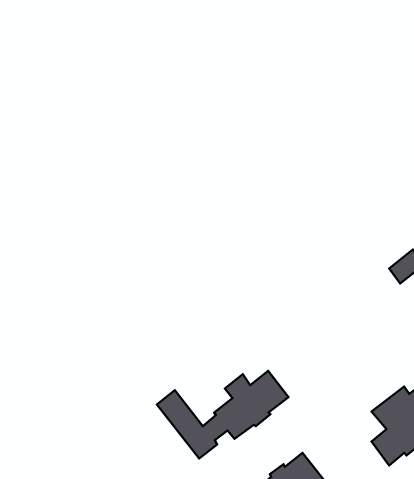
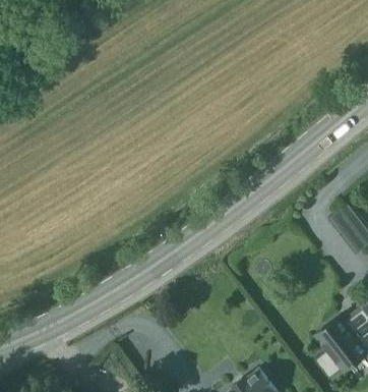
building: [157,371,288,459] -> none

